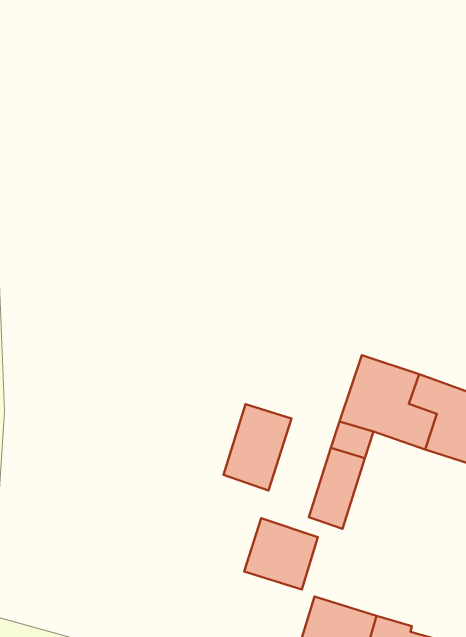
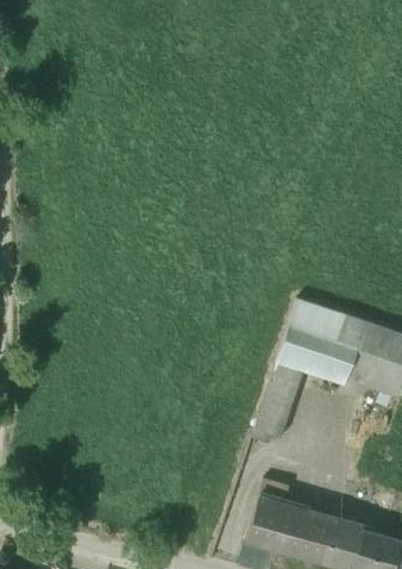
building: [224,404,291,490] -> none
building: [244,518,318,590] -> none

